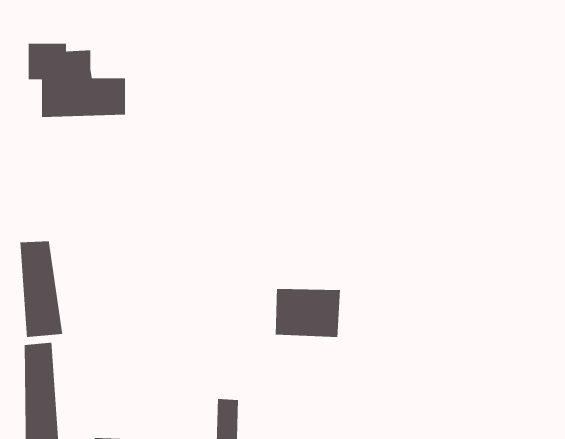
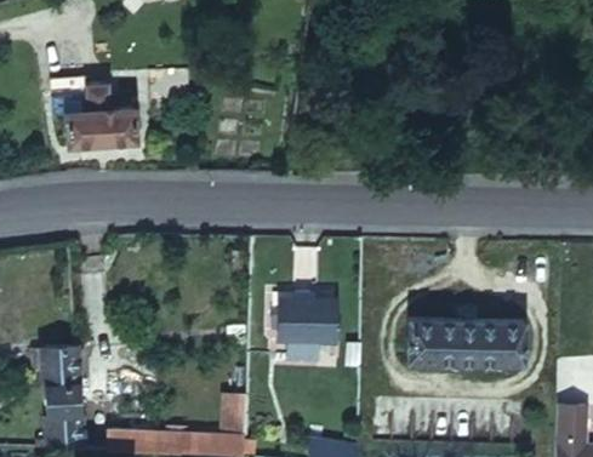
building: [19,240,63,338] -> none
building: none -> [410,320,525,364]

